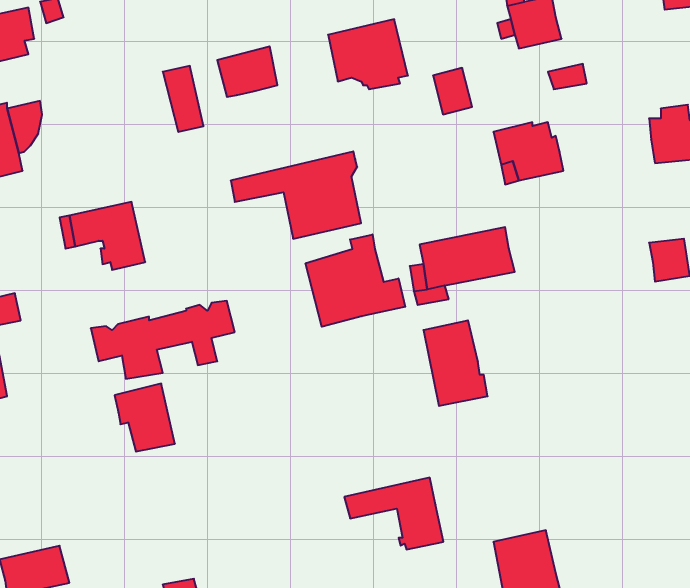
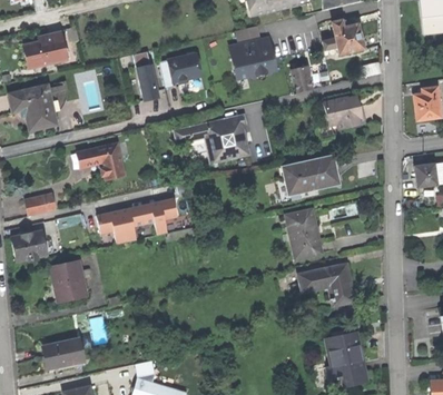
building: [306,234,405,327] -> none
building: [115,384,175,452] -> [51,261,86,300]
building: [344,478,443,549] -> [298,264,355,305]

